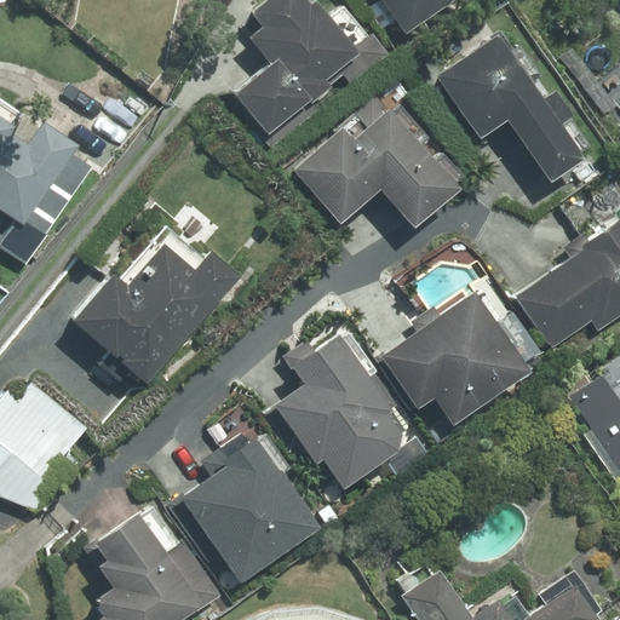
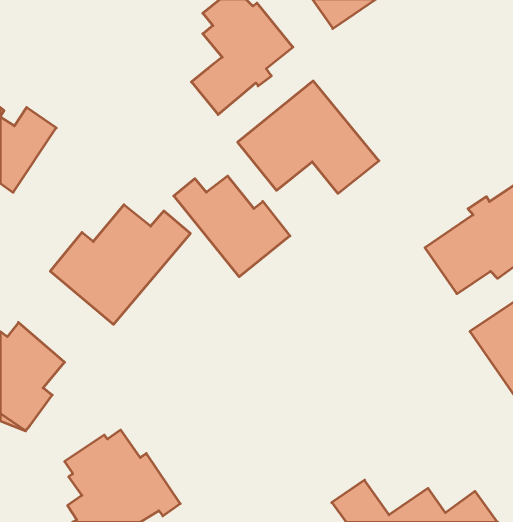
building: [436,34,584,183] -> none
building: none -> [174,176,290,277]
building: [380,292,529,425] -> none
building: [272,333,398,489] -> none
building: [180,436,320,581] -> none

